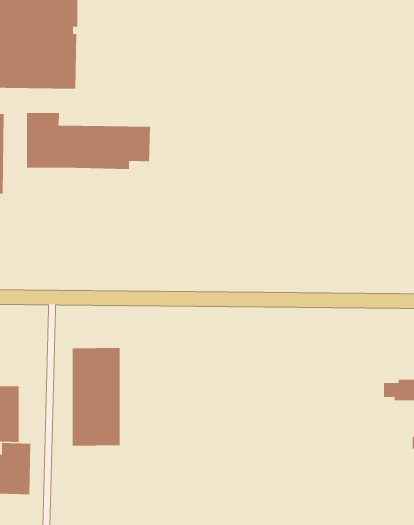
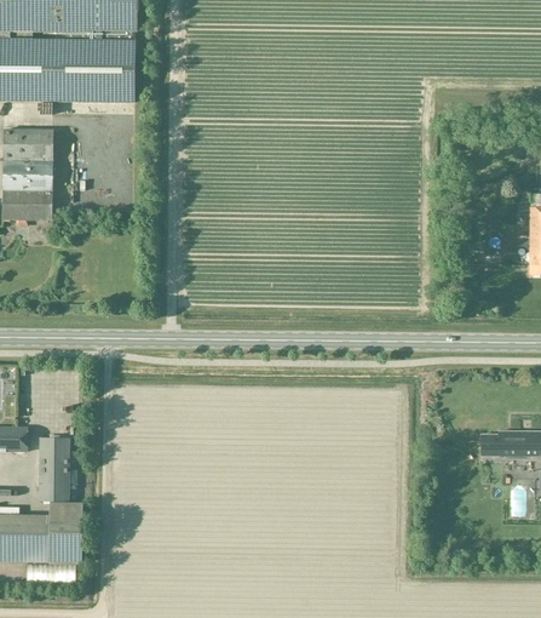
building: [26,112,150,170] -> none
building: [72,347,120,446] -> none

